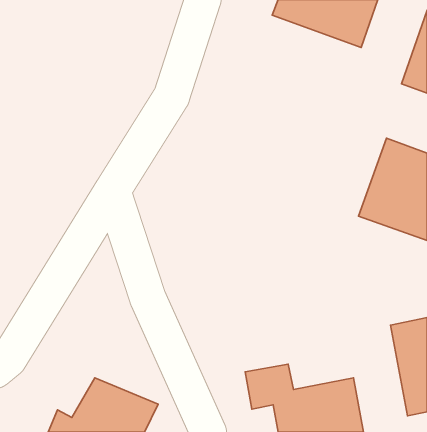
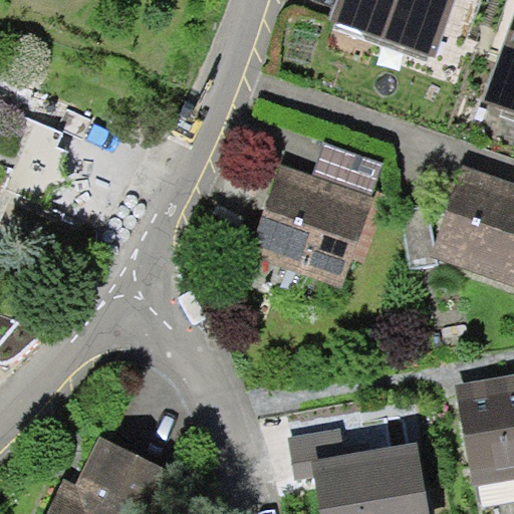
building: none -> [256,143,391,288]

